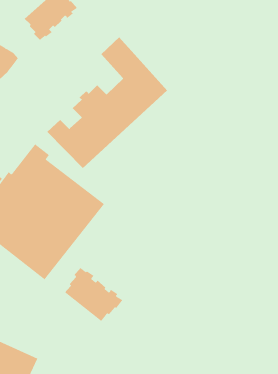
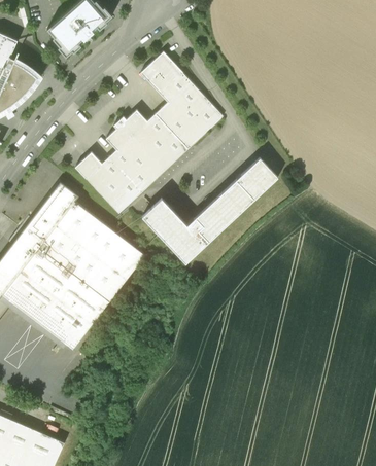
building: none -> [141,158,277,263]
building: [64,267,123,322] -> none

